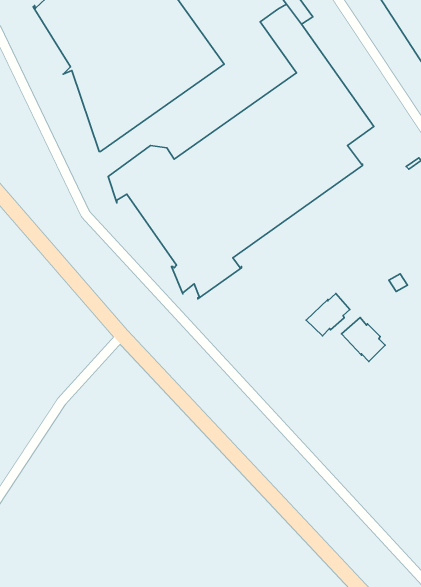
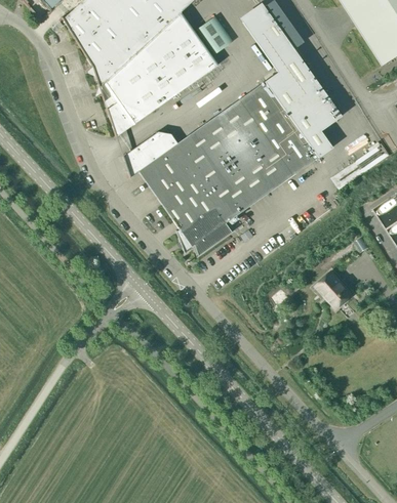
building: none -> [196,15,233,53]
building: [306,294,350,336] -> none

